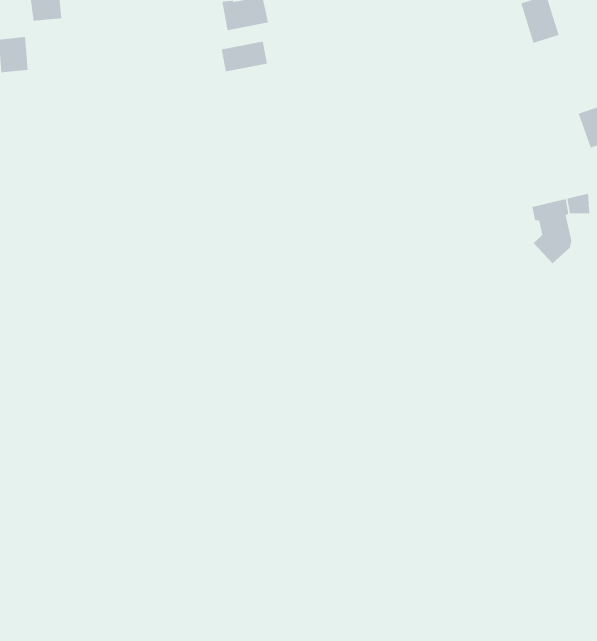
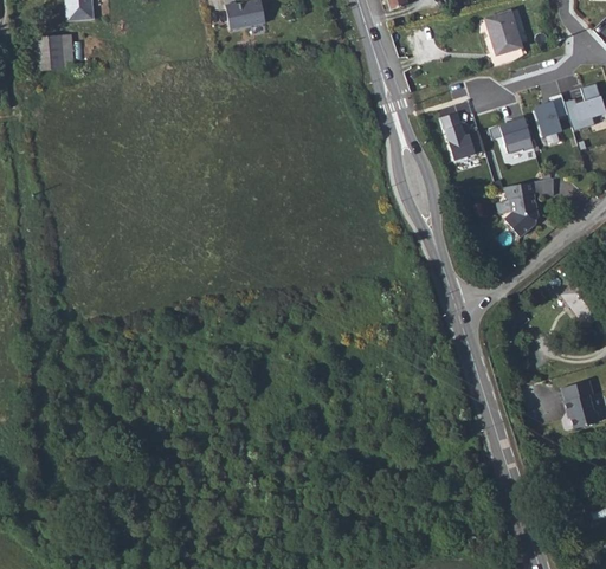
building: [221,41,267,72] -> none
building: none -> [488,109,535,153]
building: none -> [441,111,485,160]

